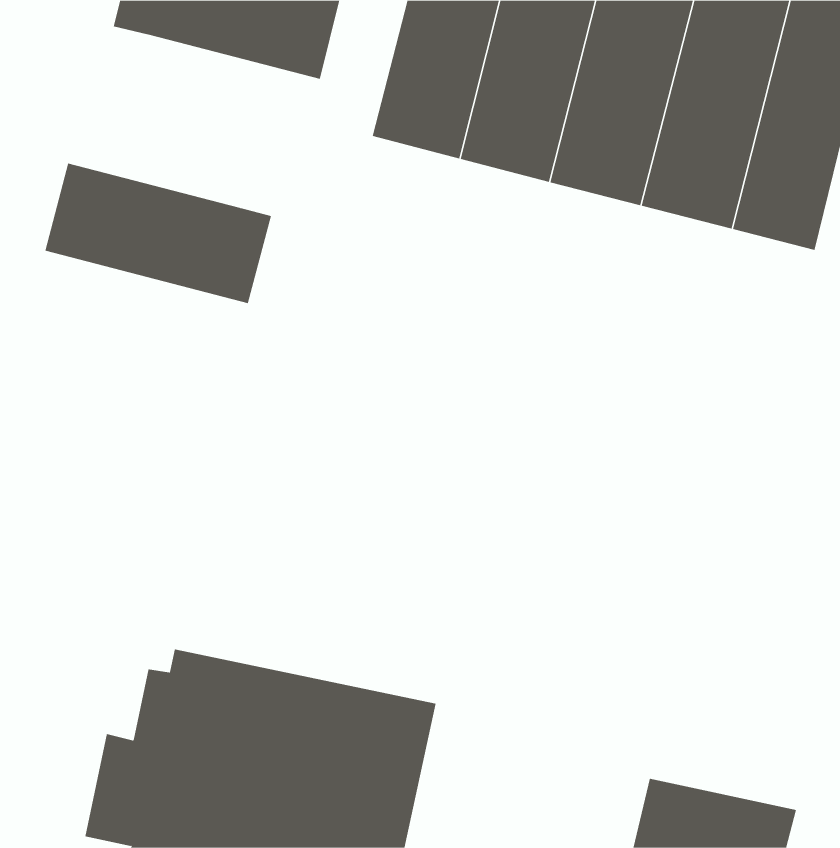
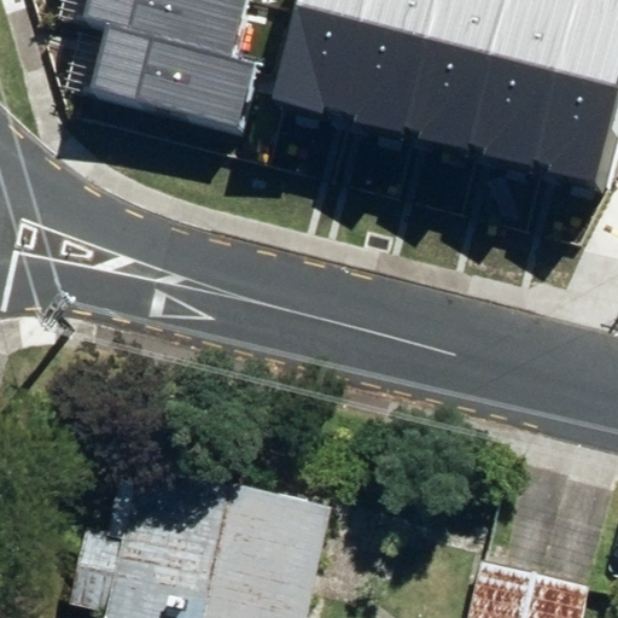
building: [44,163,272,304] -> [97,25,262,128]

